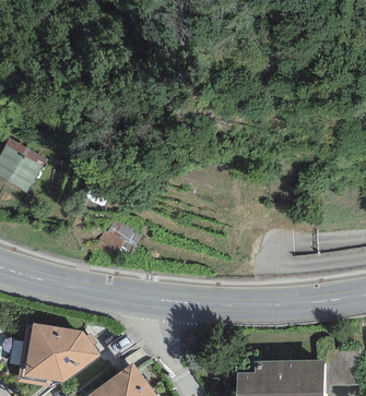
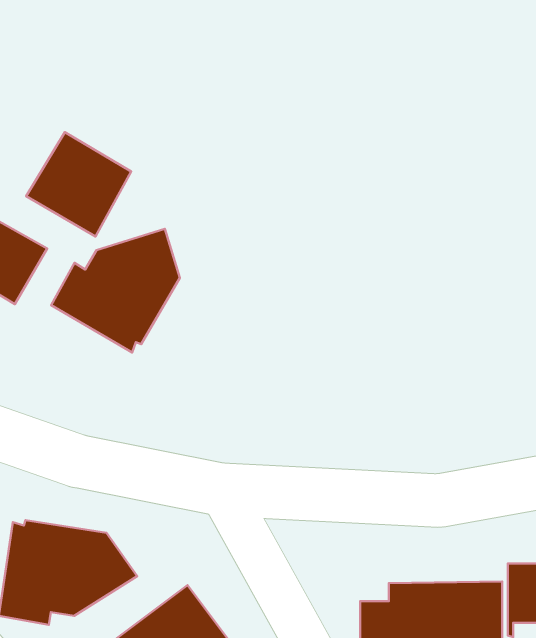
building: none -> [26,132,131,236]
building: none -> [51,229,180,352]

